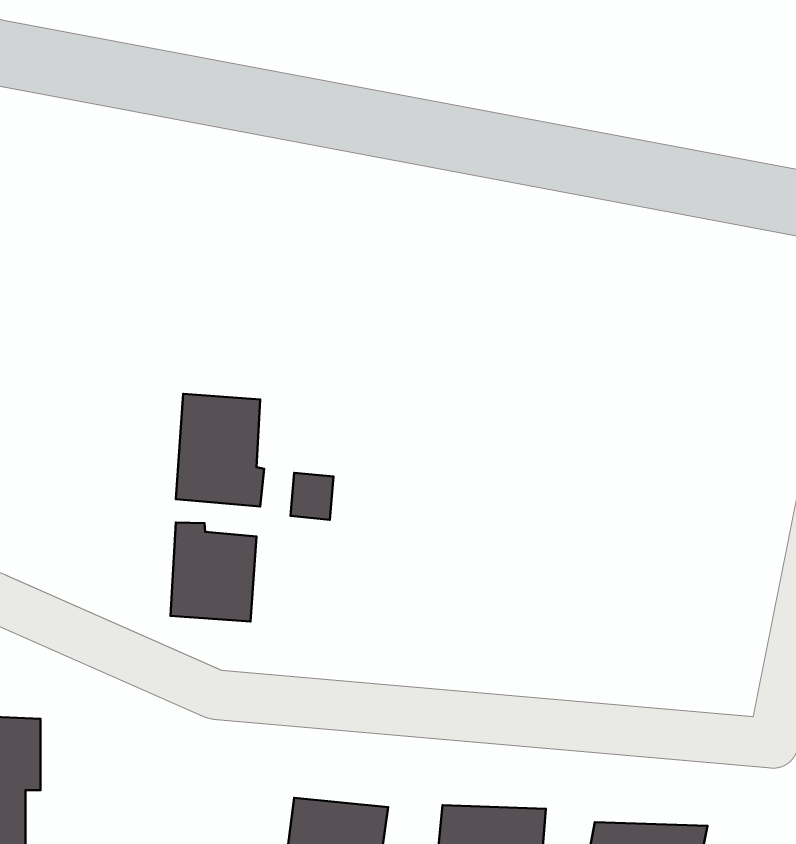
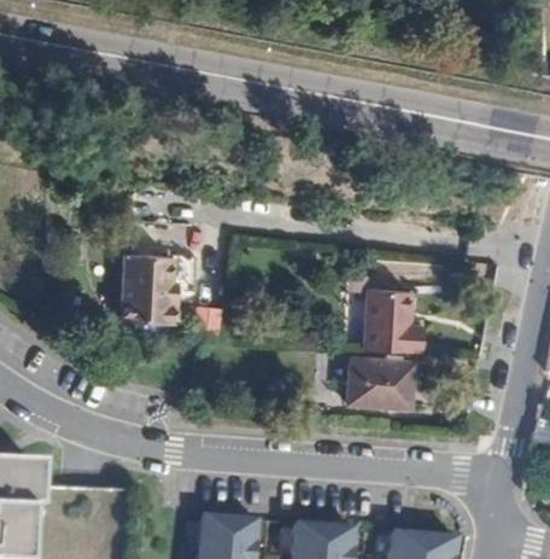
building: none -> [362,289,420,353]
building: [170,522,256,622] -> none
building: none -> [352,360,417,407]

